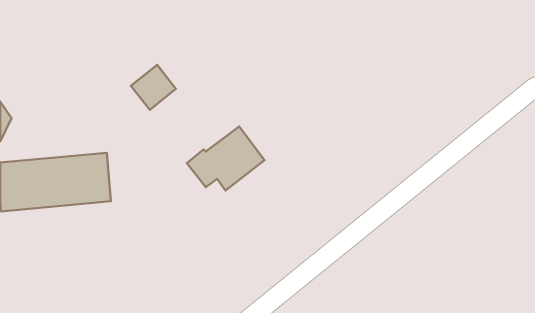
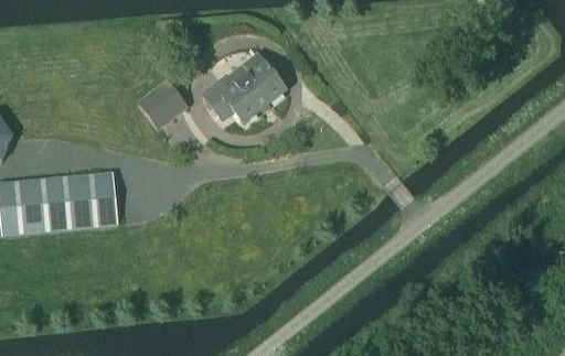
building: [187,126,264,190] -> [202,54,284,121]

